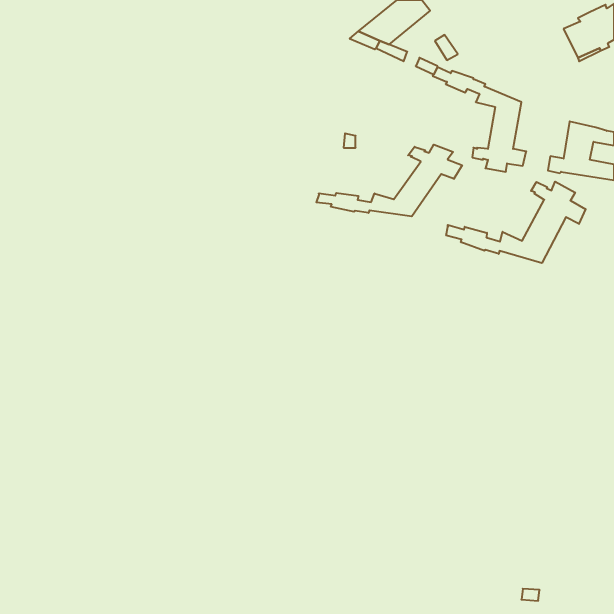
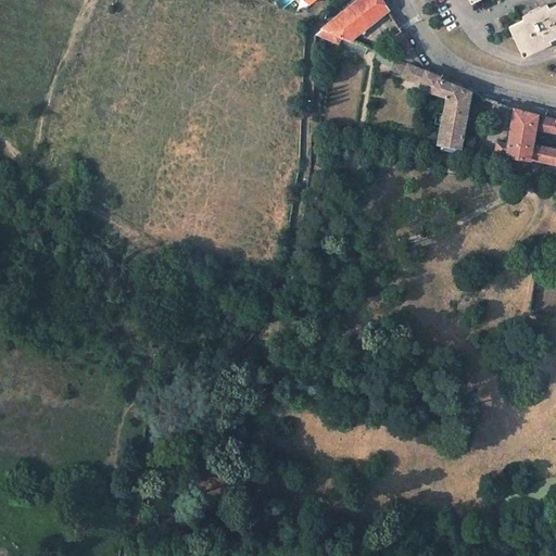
building: [316,145,462,216] -> none
building: [446,182,586,263] -> none

